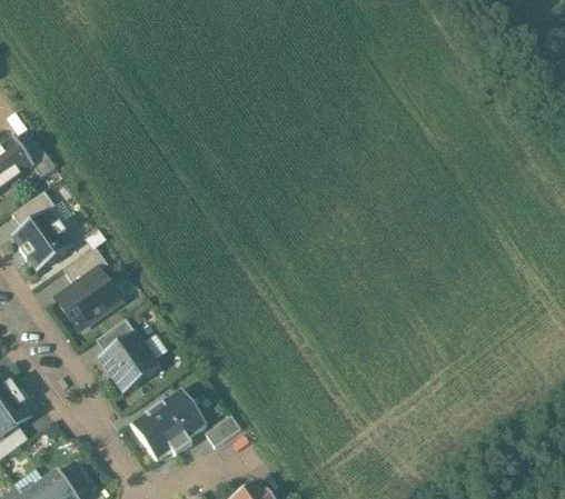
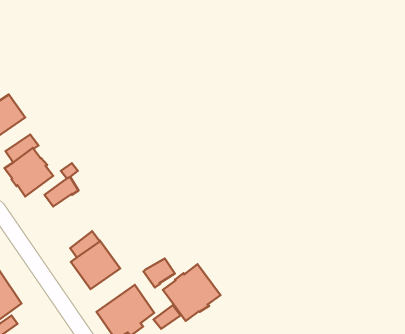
building: [56,268,119,329] -> none
building: none -> [143,258,175,288]
building: none -> [163,264,220,321]

